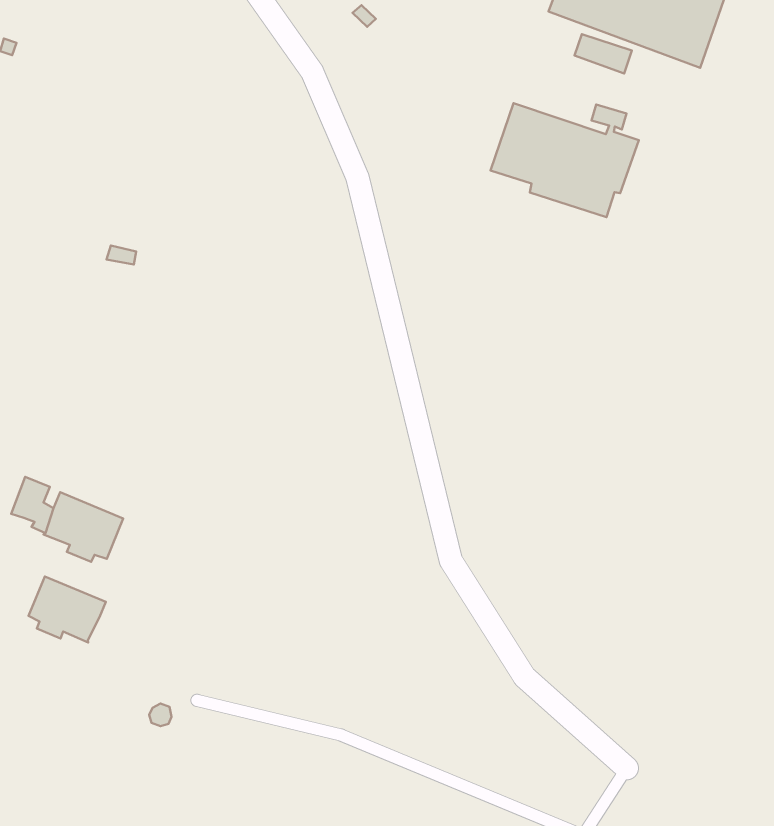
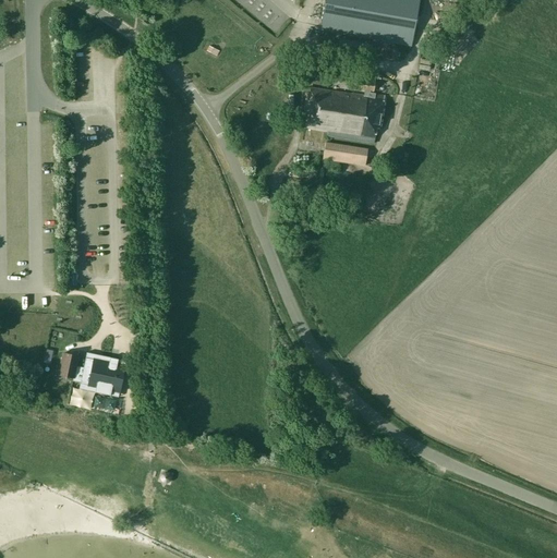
building: none -> [324,142,367,166]
building: [28,577,106,643] -> none

